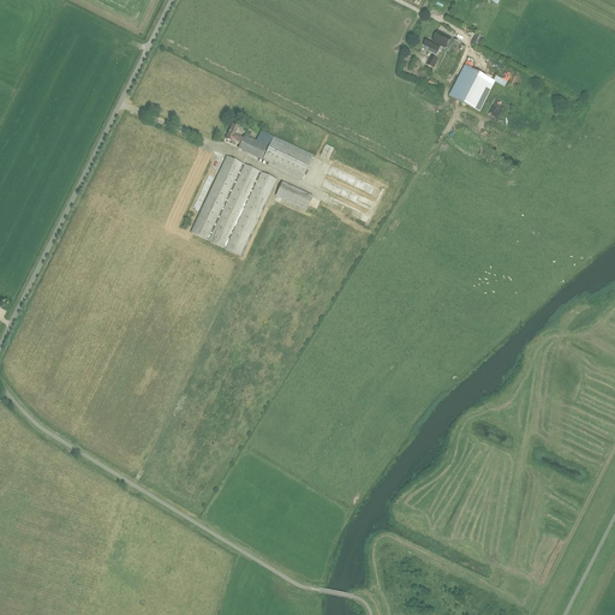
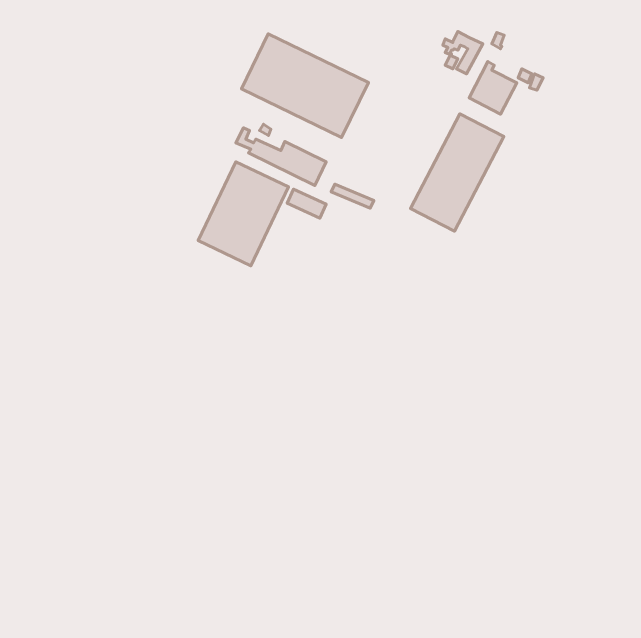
building: none -> [242,34,368,137]
building: none -> [411,114,504,231]

